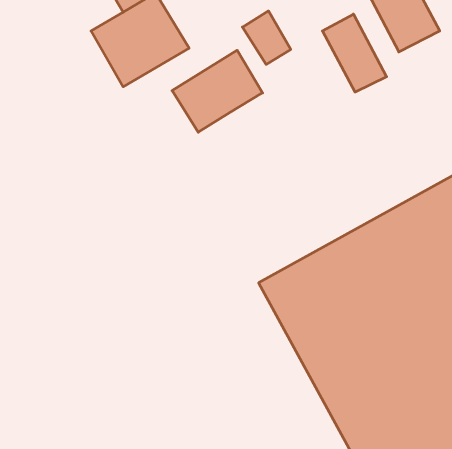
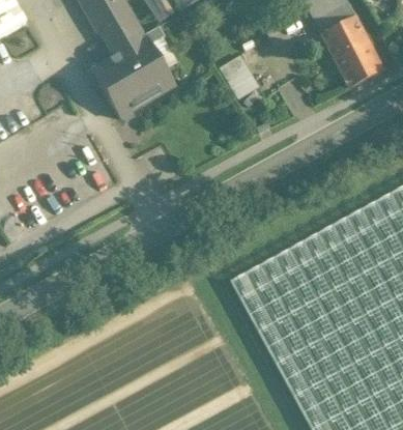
building: [322,14,387,92] -> none
building: [172,50,263,132] -> none

